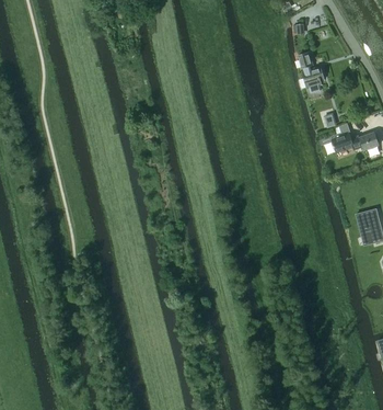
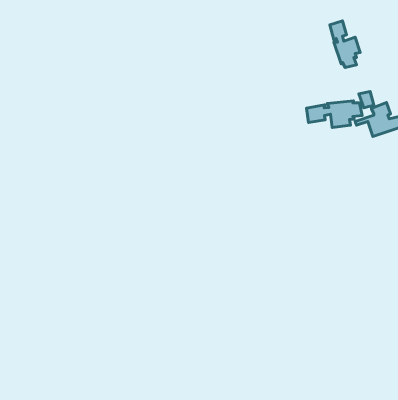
building: none -> [306,101,362,127]

